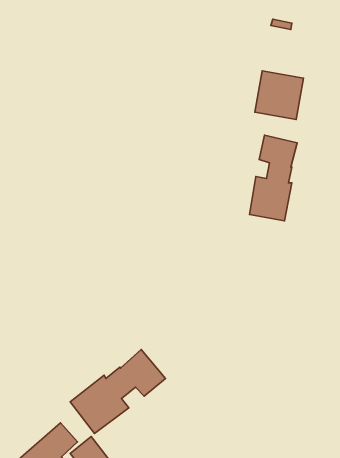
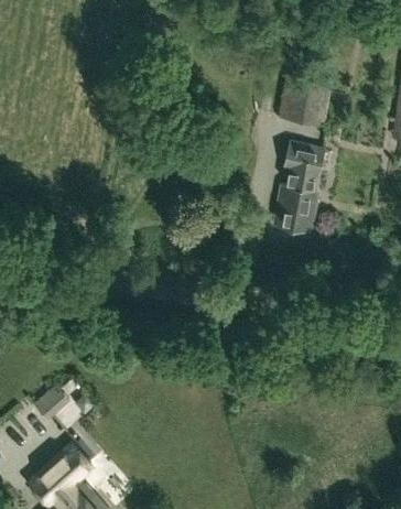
building: [70,349,165,434] -> none
building: none -> [32,387,67,421]

